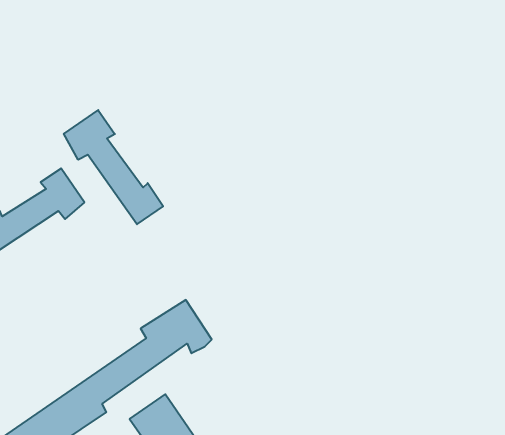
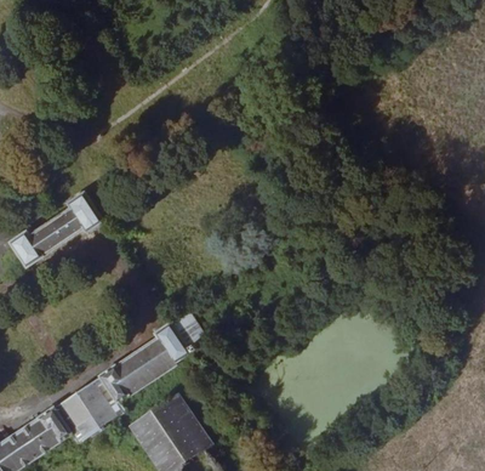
building: [64,110,163,224] -> none

